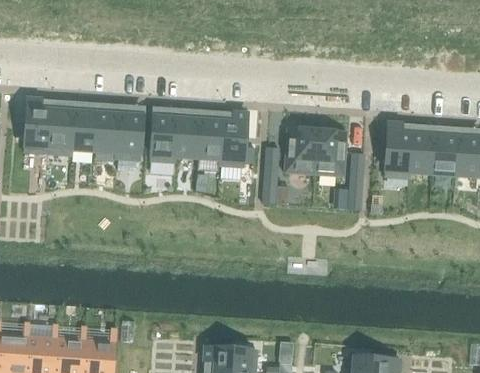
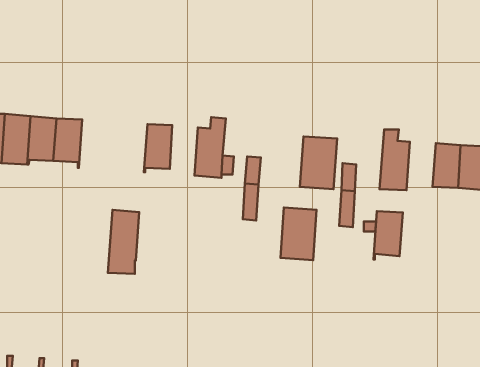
building: [117,113,143,158] -> none
building: [150,115,178,172] -> [108,210,139,274]
building: [198,118,223,163] -> none
building: [285,126,317,173] -> [281,208,317,260]
building: [409,133,435,176] -> [374,211,403,259]

